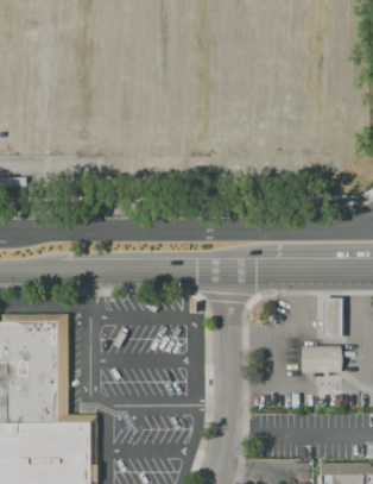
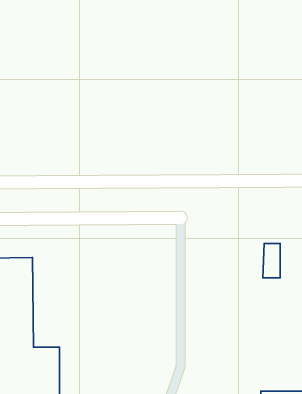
building: [298,346,341,375] -> none

